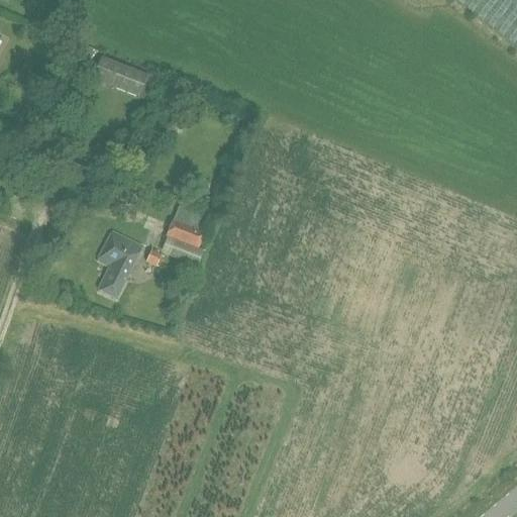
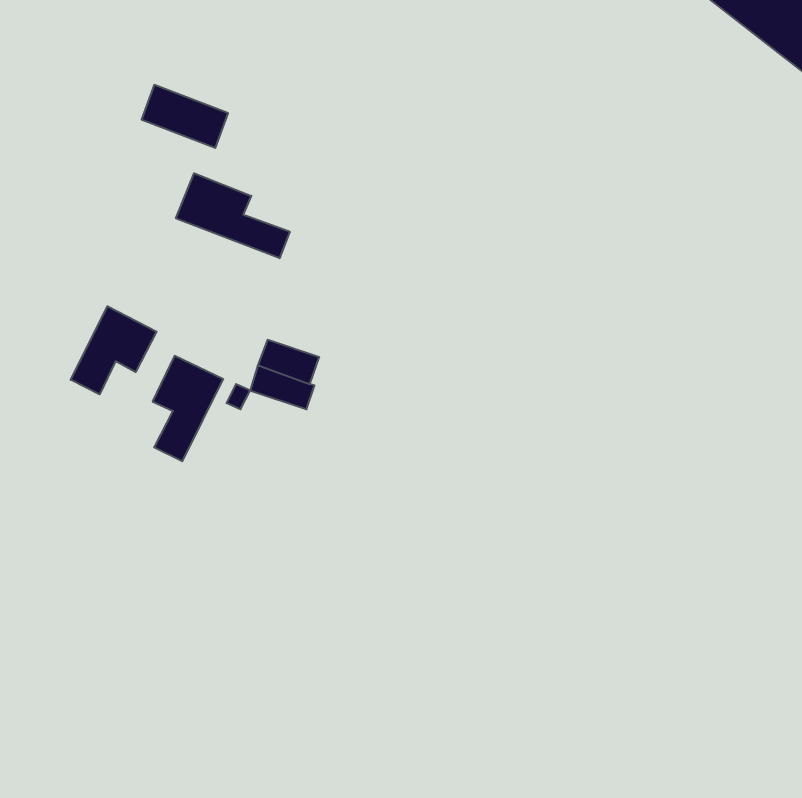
building: none -> [176,173,290,258]
building: none -> [71,306,157,394]

